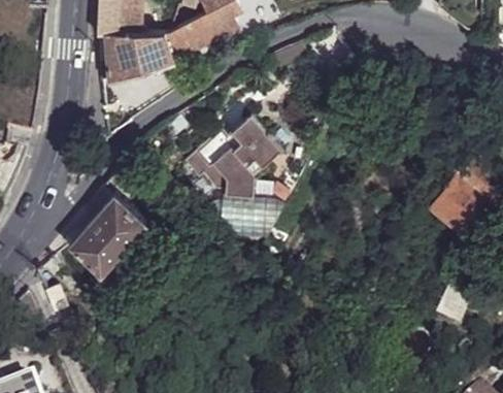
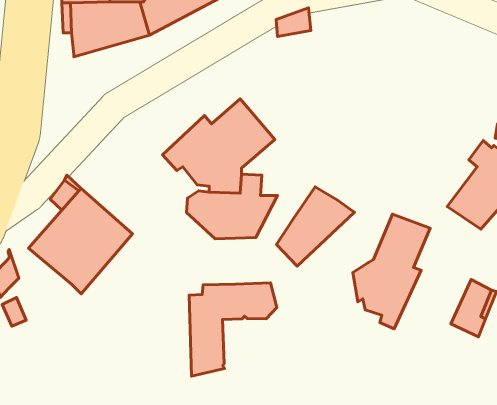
building: none -> [277,187,355,266]
building: none -> [353,214,430,329]
building: none -> [189,283,277,376]

